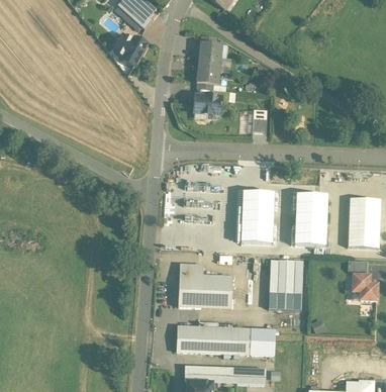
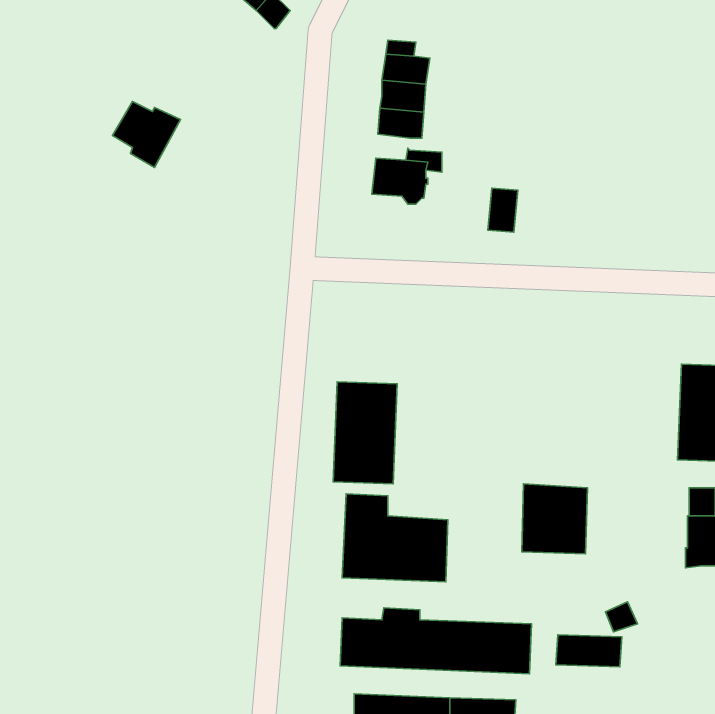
building: [113,33,148,67] -> [113,101,180,167]
building: [240,191,273,242] -> [333,382,397,484]
building: [294,193,326,246] -> none
building: [268,293,301,309] -> [556,635,622,667]

